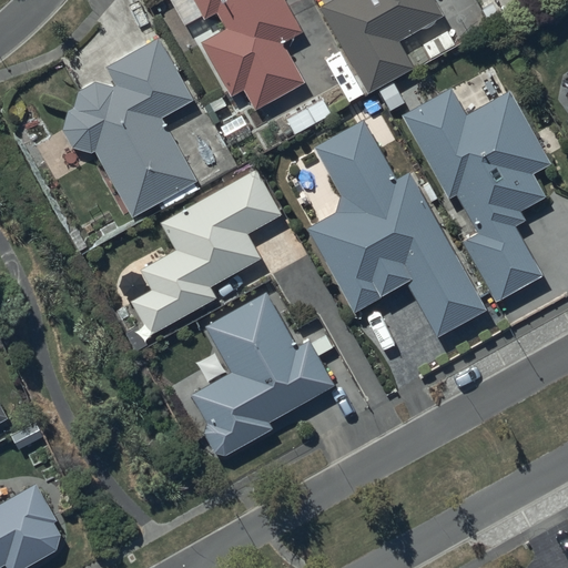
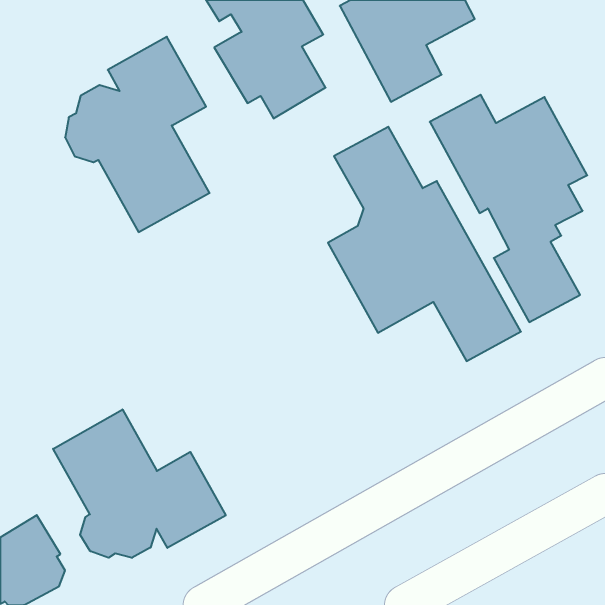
building: [132,169,281,333] -> none
building: [191,285,339,456] -> none
building: none -> [53,409,226,558]

